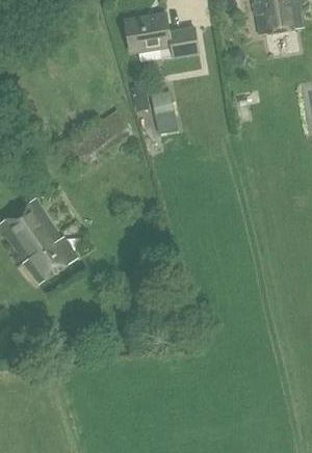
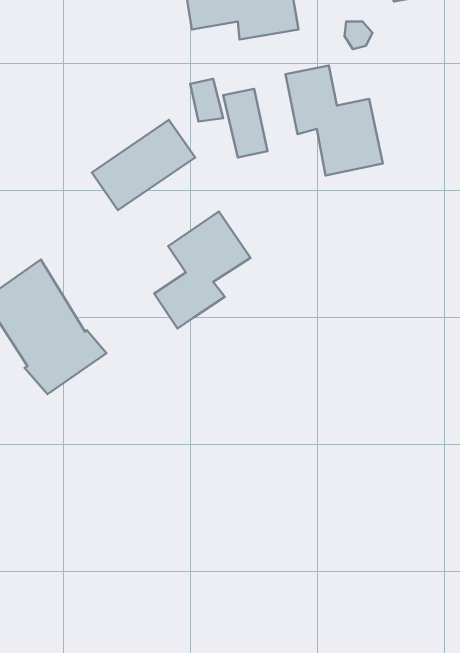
building: none -> [286,66,383,175]
building: none -> [154,211,250,328]

